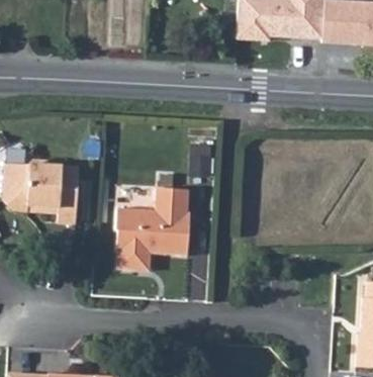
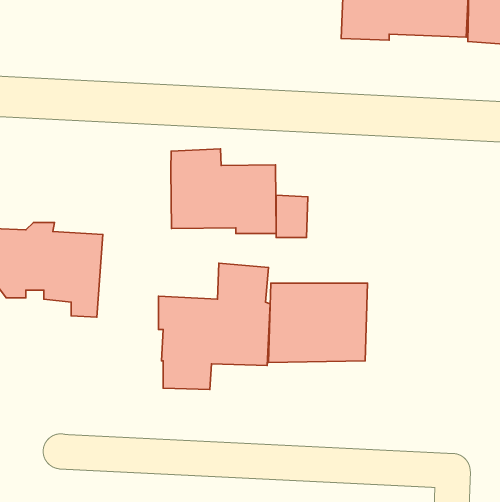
building: none -> [171,149,276,233]
building: none -> [268,283,367,362]

